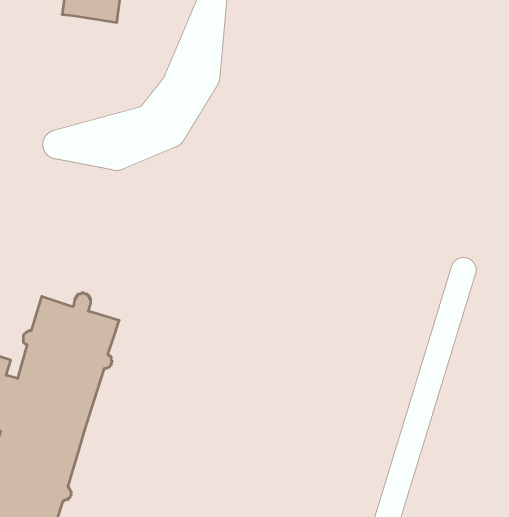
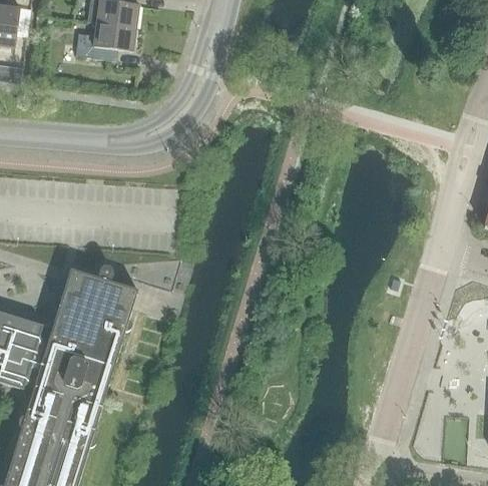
building: none -> [75,22,135,59]

